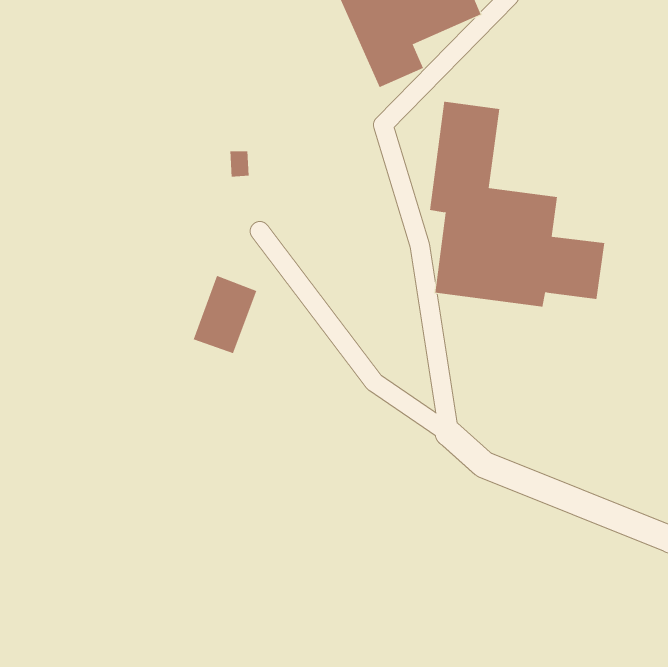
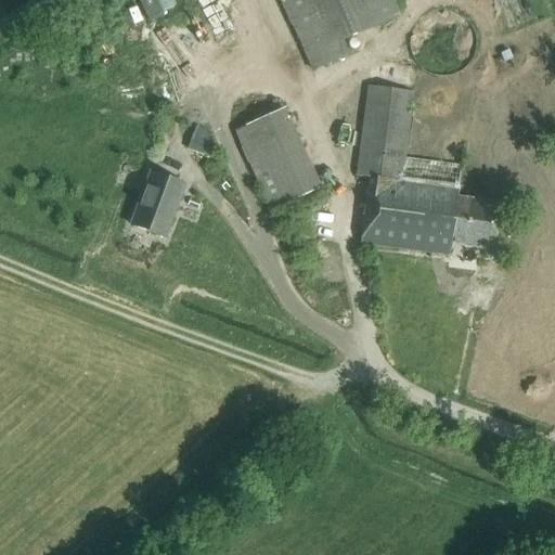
building: none -> [234,106,320,209]
building: [193,275,257,354] -> [131,170,184,235]

